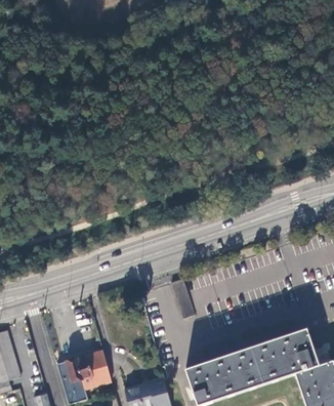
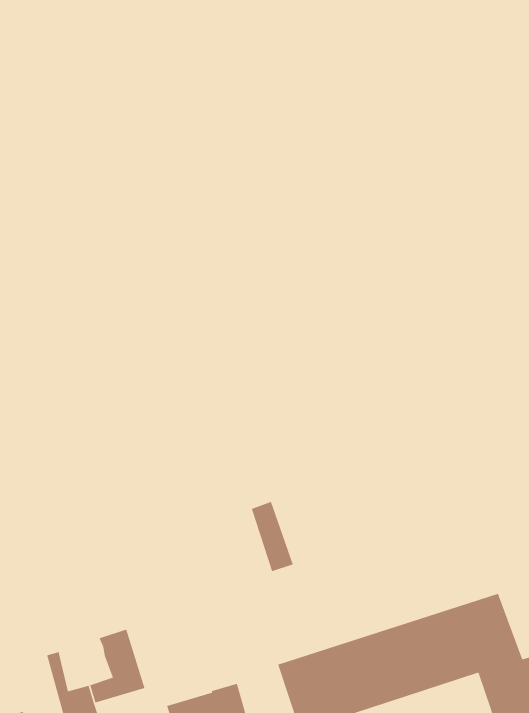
building: [66,357,92,381] -> none

